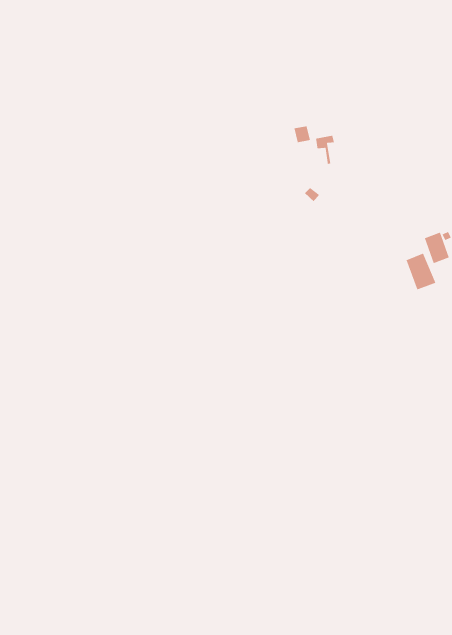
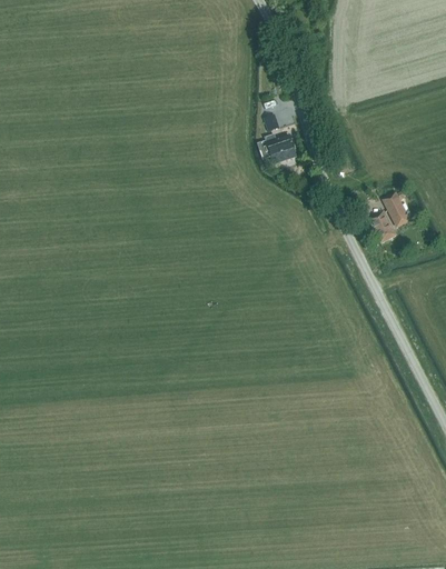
building: none -> [265,136,296,162]

